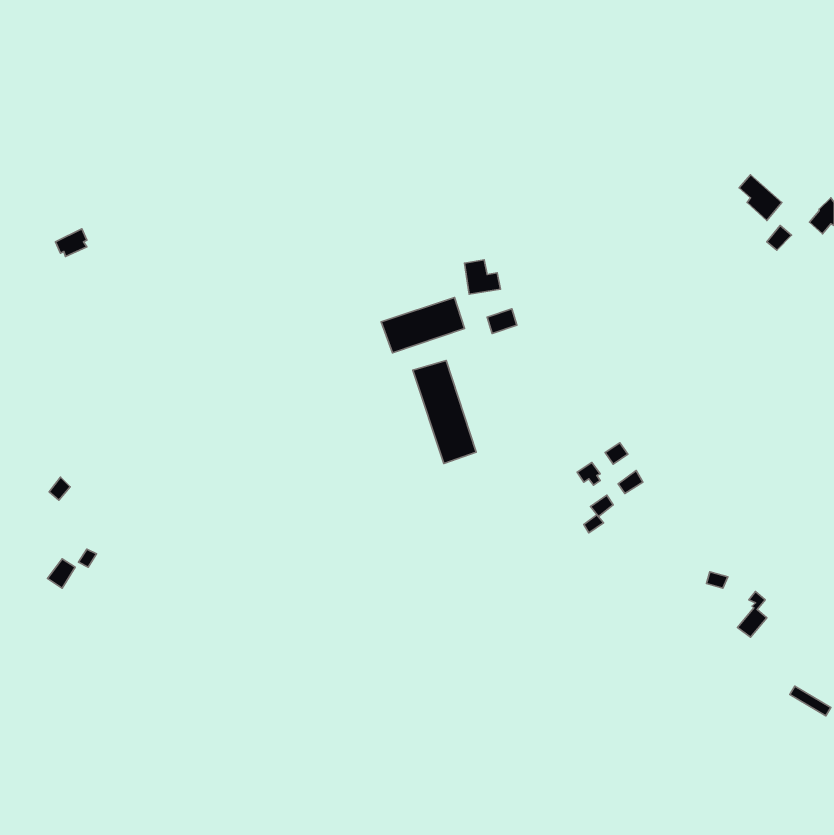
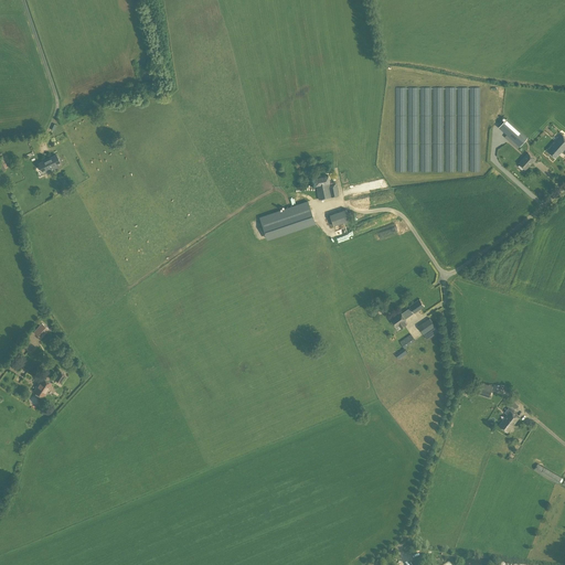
building: [413,361,476,464] -> none

